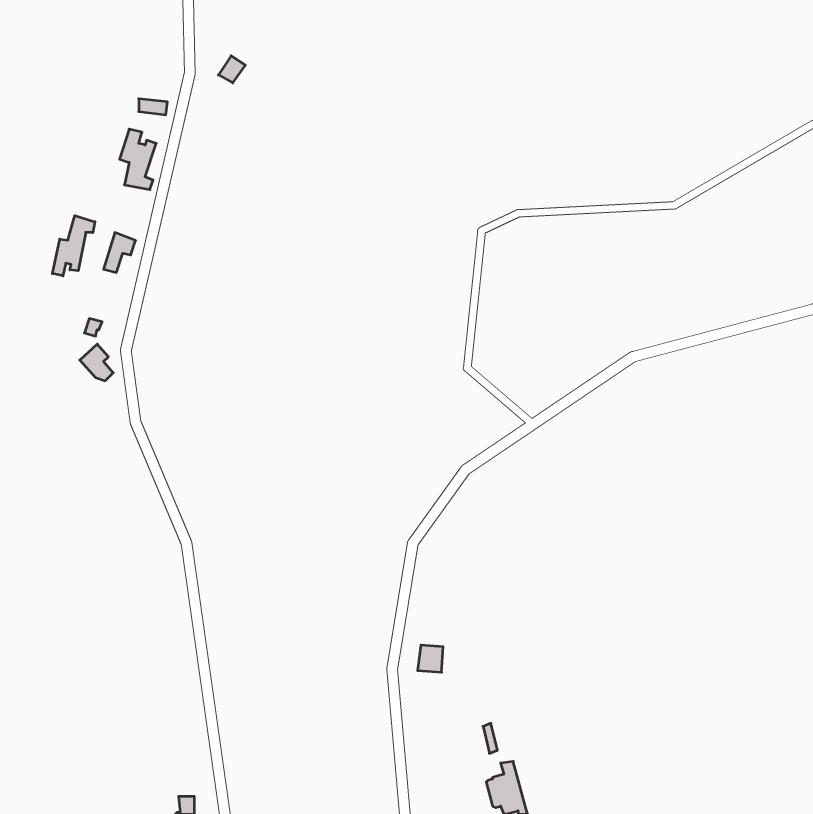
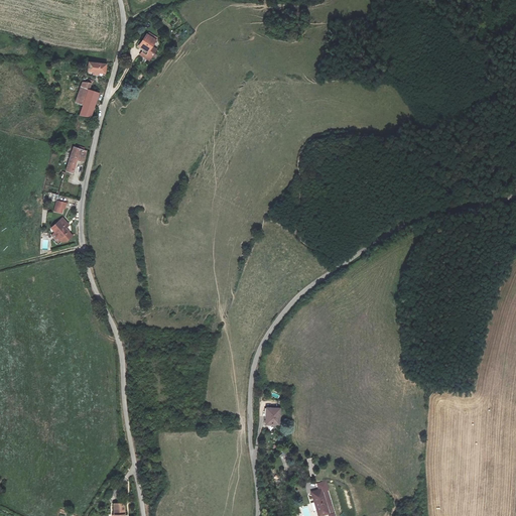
building: [52,216,95,276] -> none

